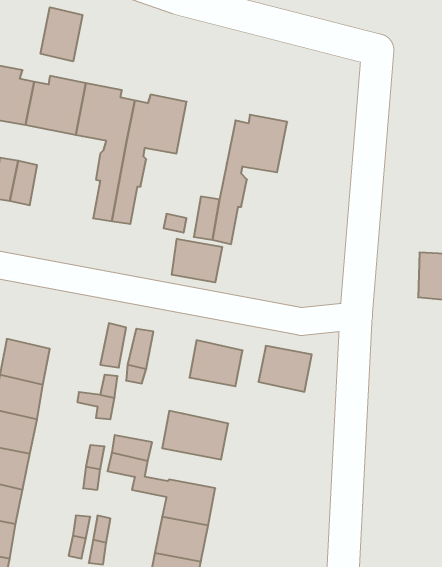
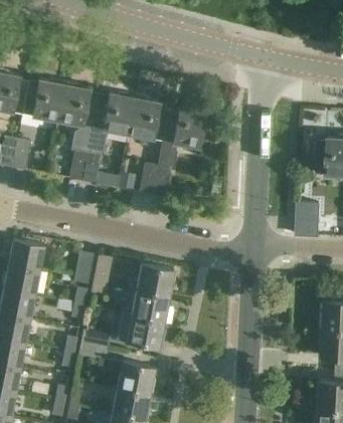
building: [41,7,82,61] -> none
building: none -> [127,97,168,141]
building: [172,239,222,282] -> none
building: none -> [8,239,43,270]
building: [258,346,312,392] -> [131,290,168,323]

